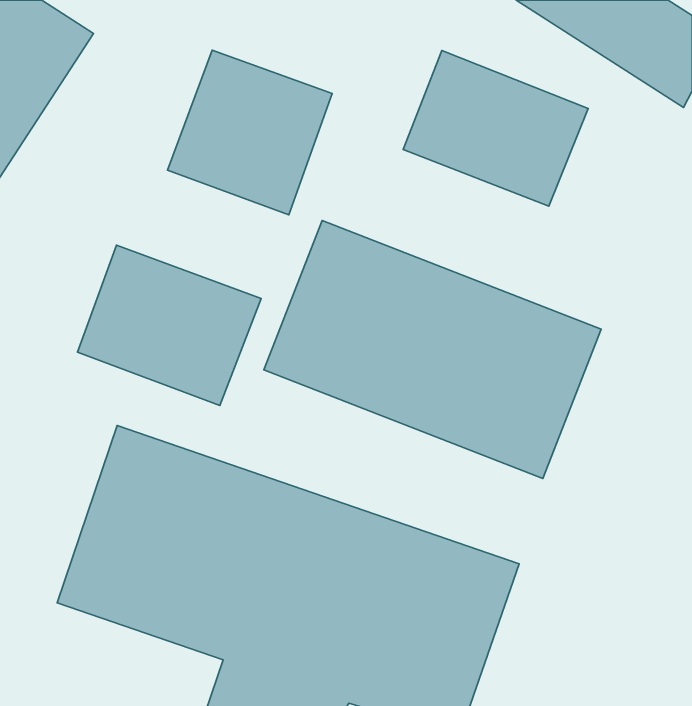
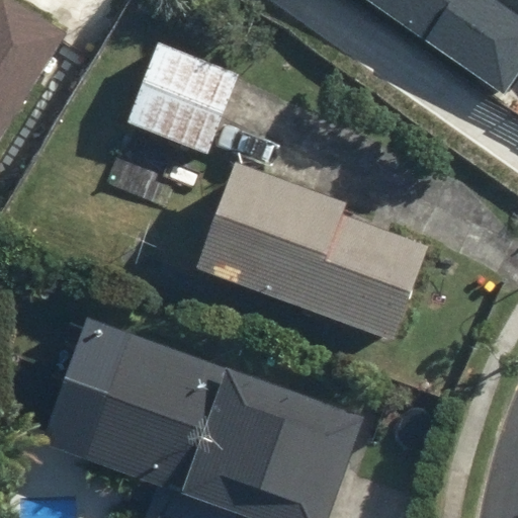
building: [403,50,588,206] -> none
building: [78,245,261,405] -> none

